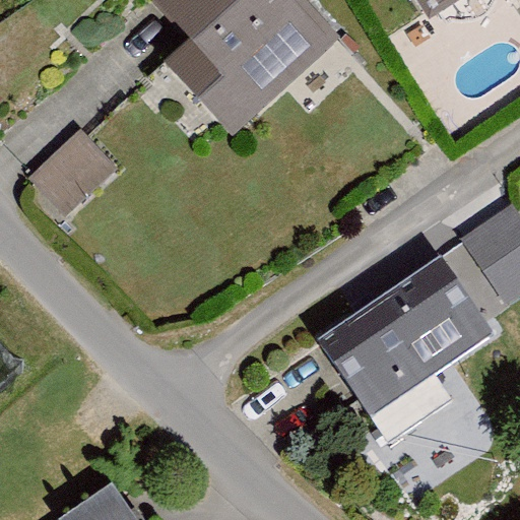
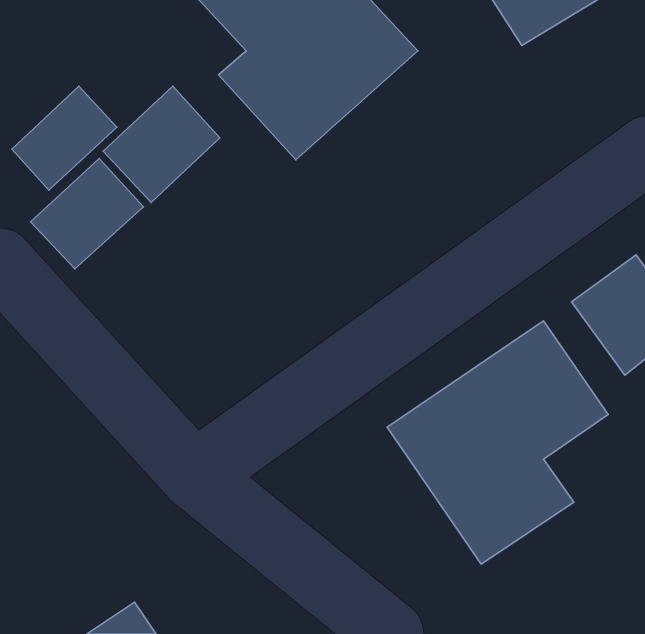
building: none -> [12,86,117,190]
building: none -> [103,86,220,203]

